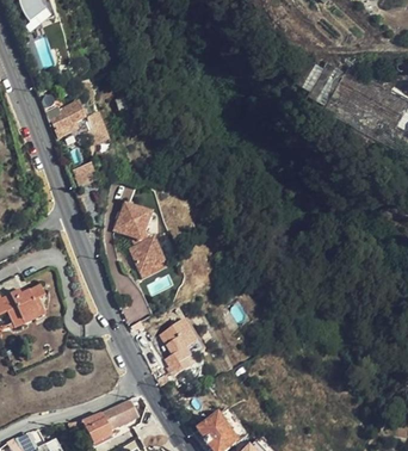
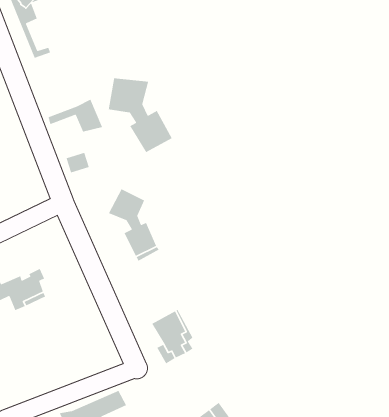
building: none -> [108,77,173,153]
building: [44,103,84,130] -> none

